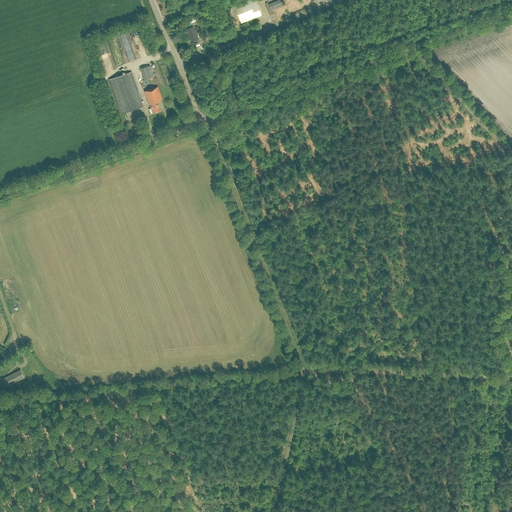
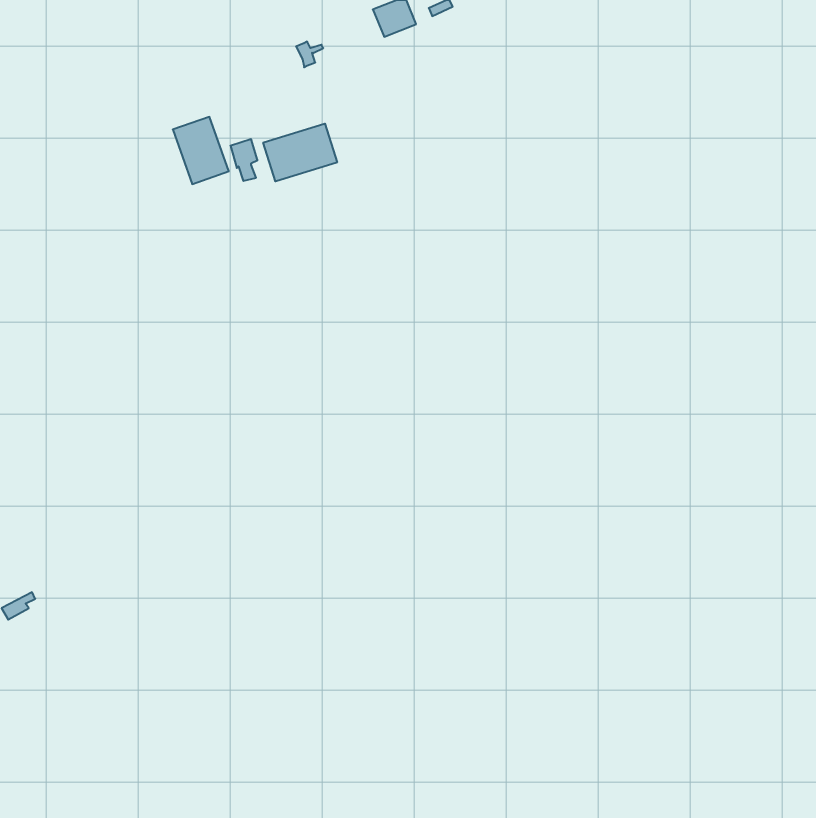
building: none -> [263,124,337,181]

